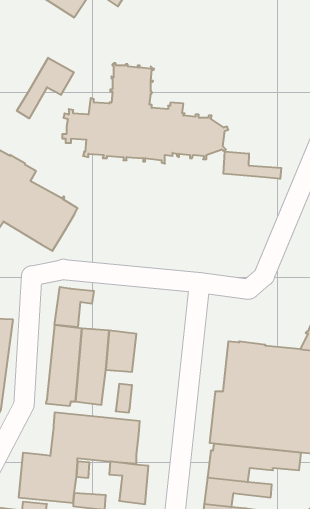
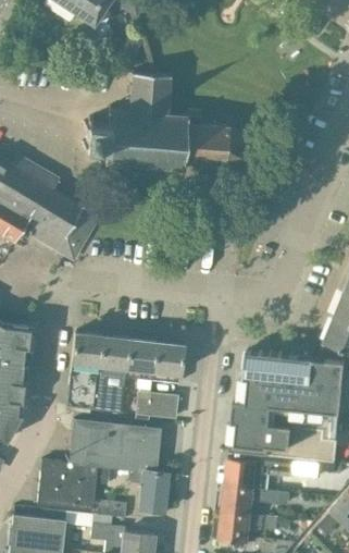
building: [17,58,74,118] -> none
building: [223,152,281,179] -> none
building: [54,287,94,327] -> none
building: none -> [151,341,183,383]
building: none -> [149,393,177,418]

